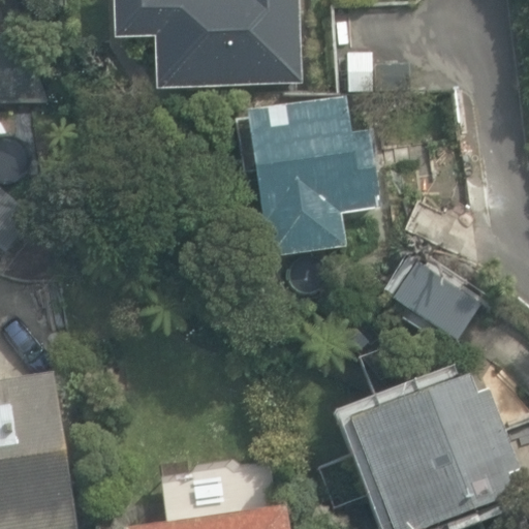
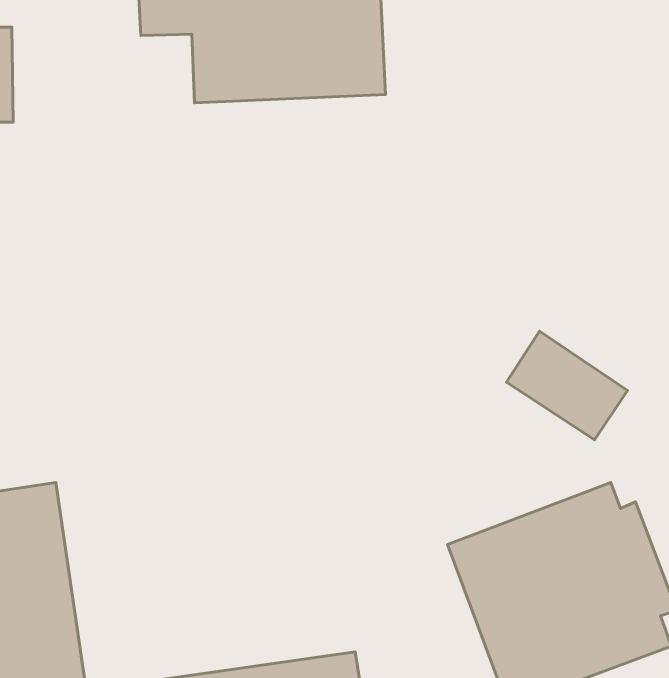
building: [247,97,379,256] -> none

